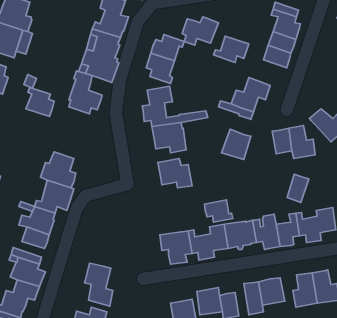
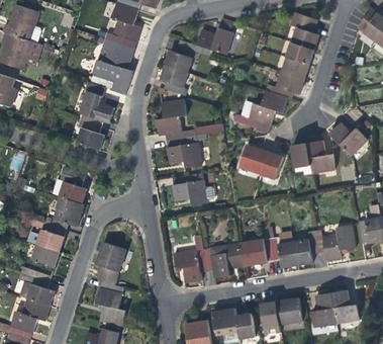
building: [214,36,249,63] -> [268,72,304,99]
building: [26,87,54,117] -> [75,120,104,151]
building: [287,174,309,202] -> [260,151,282,180]
building: [204,200,233,222] -> none
building: none -> [95,242,125,285]

